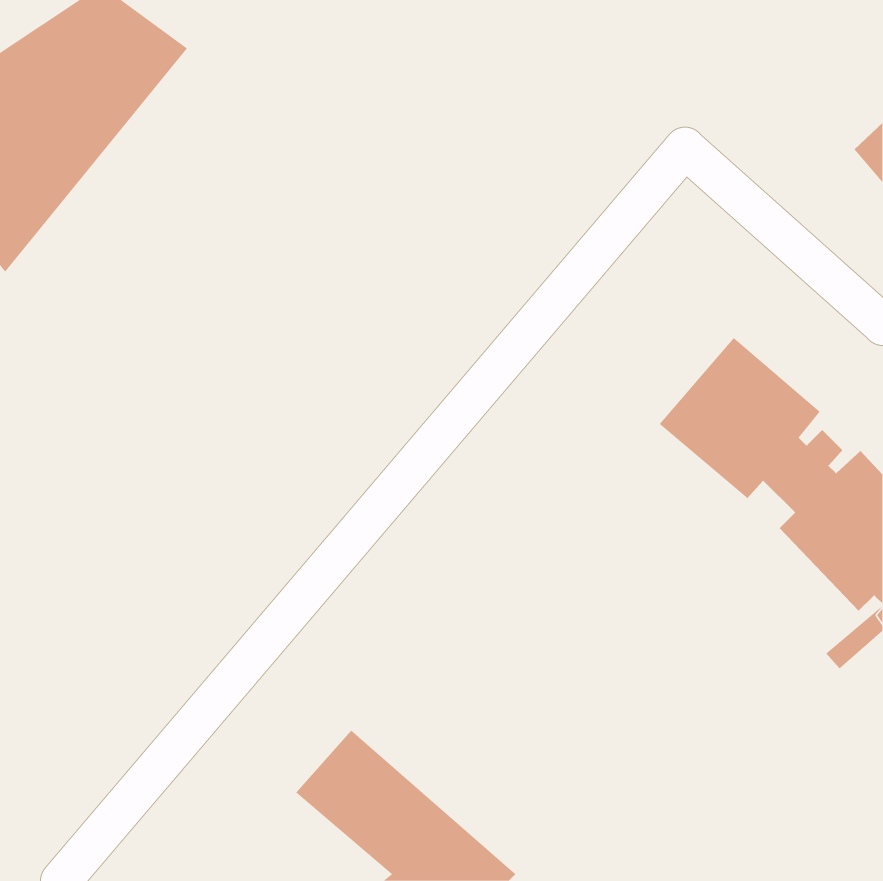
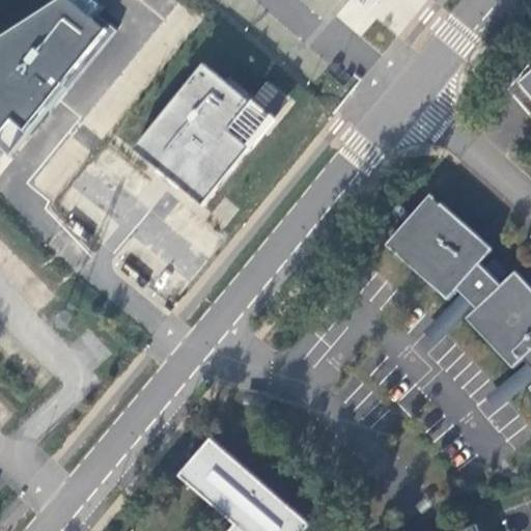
building: none -> [128,60,287,207]

